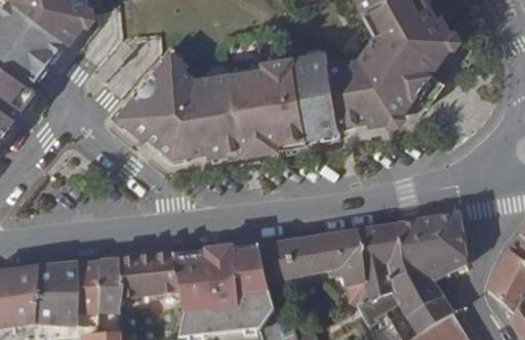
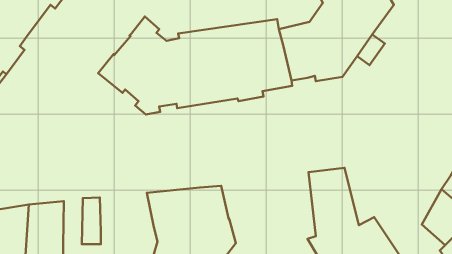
building: [398,213,469,290] -> none
building: [257,229,365,305] -> none
building: [119,253,180,297] -> none
building: [77,259,99,312] -> none

